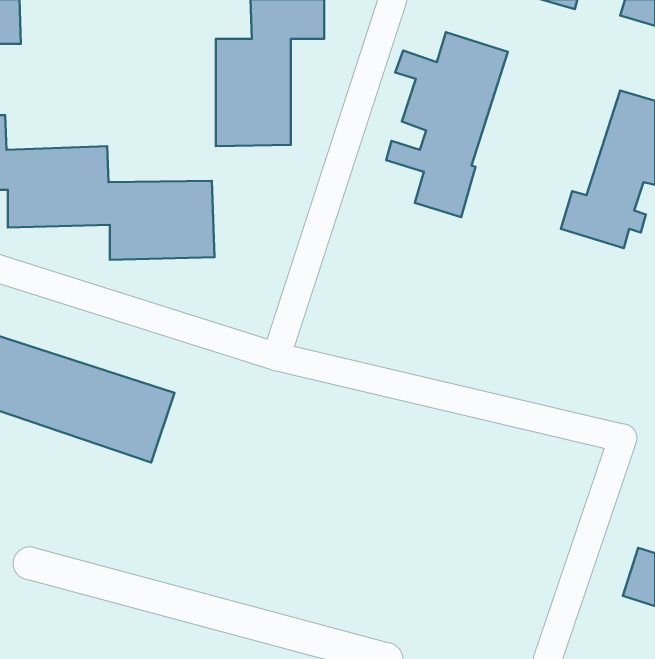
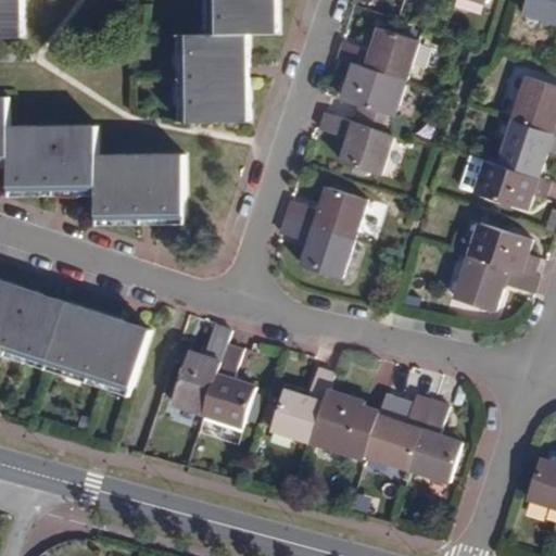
building: none -> [279,189,365,283]
building: none -> [452,222,535,314]
building: none -> [167,341,254,425]
building: none -> [269,366,462,482]

